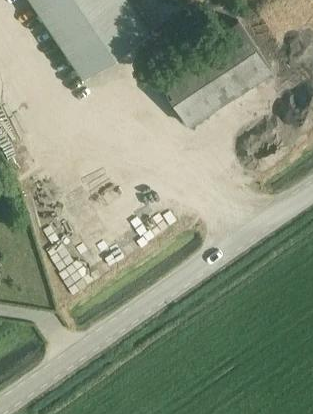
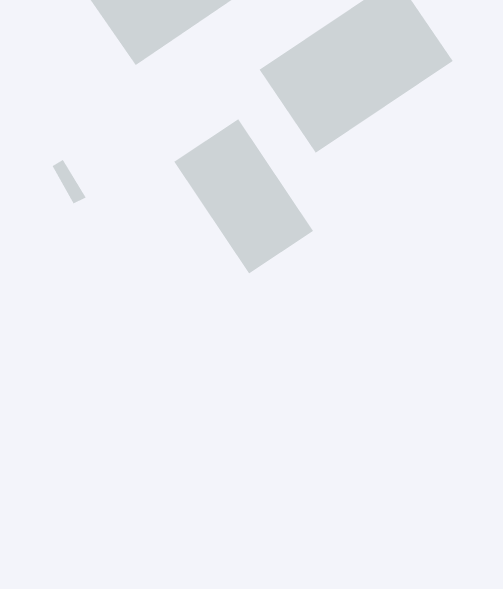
building: none -> [173,118,314,274]

